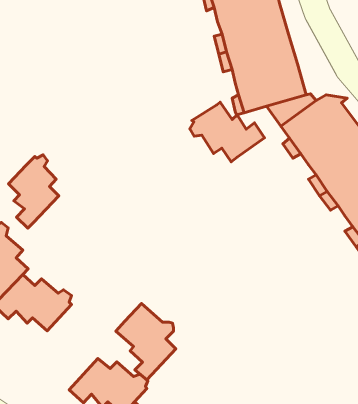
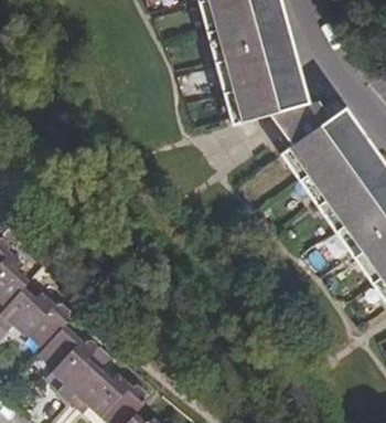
building: [190,102,265,162] -> none
building: [8,155,59,228] -> none
building: [116,303,176,380] -> [40,325,99,401]

